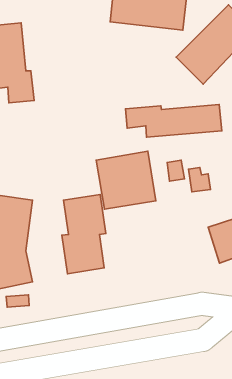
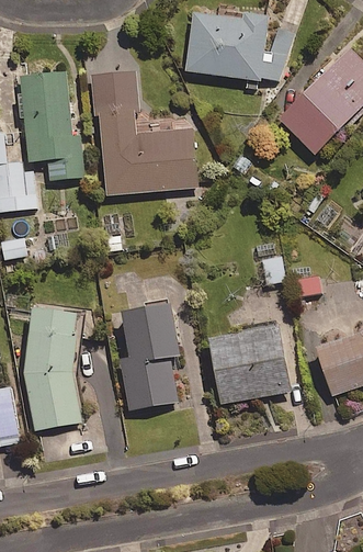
building: none -> [91,72,197,195]
building: [125,105,222,137] -> none
building: [96,151,156,209] -> [211,325,291,403]

